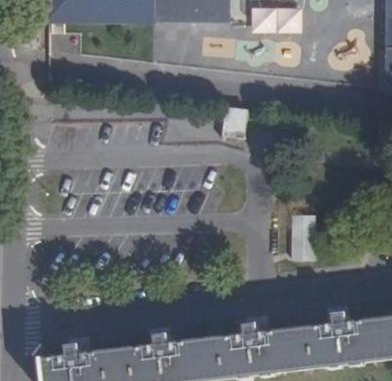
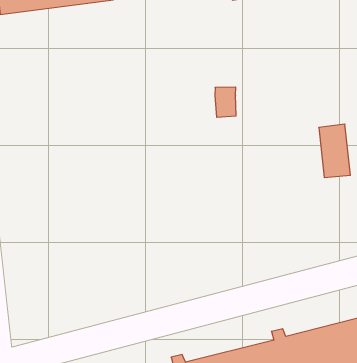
building: [292,212,316,257] -> [319,124,350,178]

